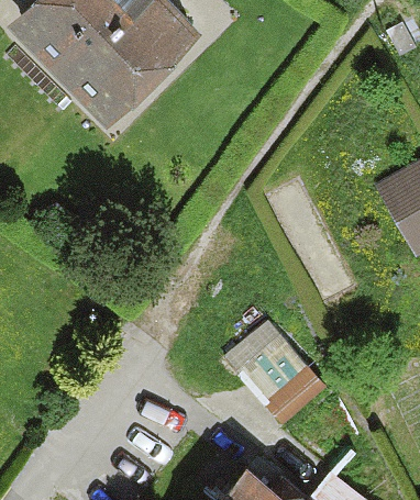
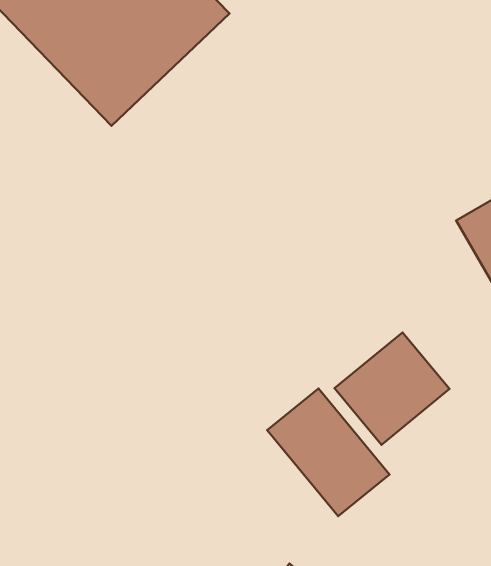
building: none -> [335,332,450,445]

